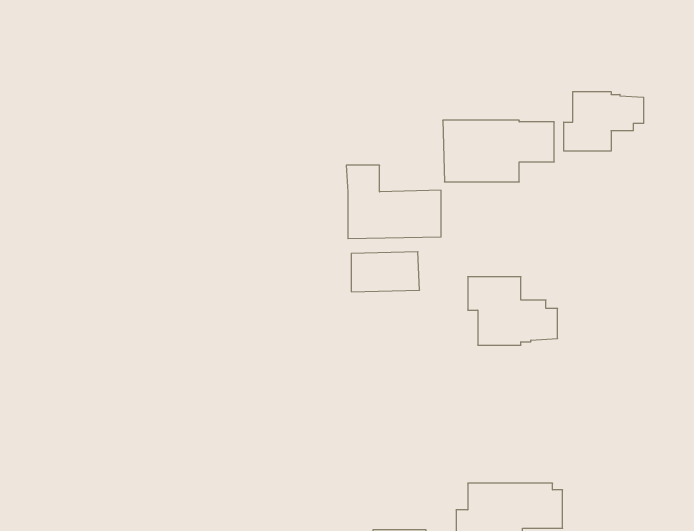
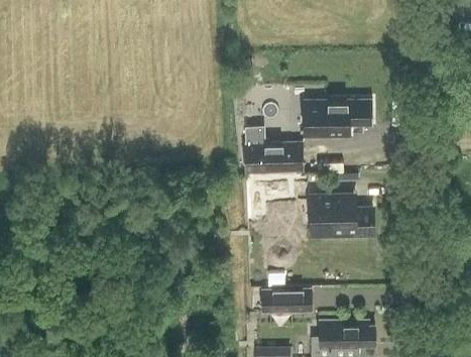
building: [564,92,644,151] -> none
building: none -> [260,287,312,314]

